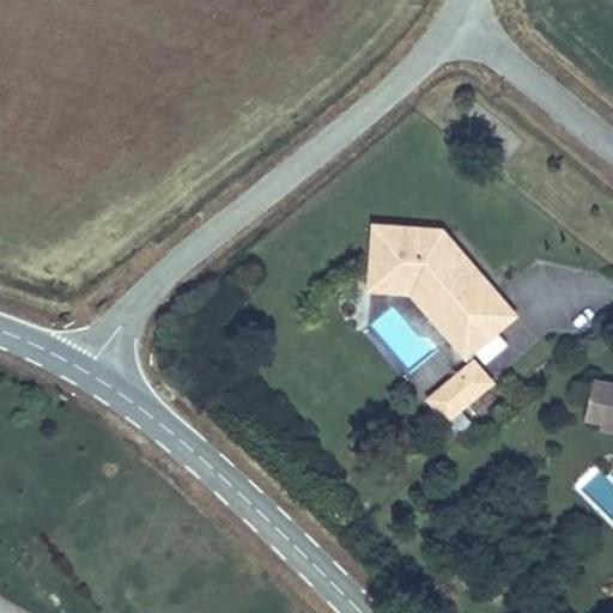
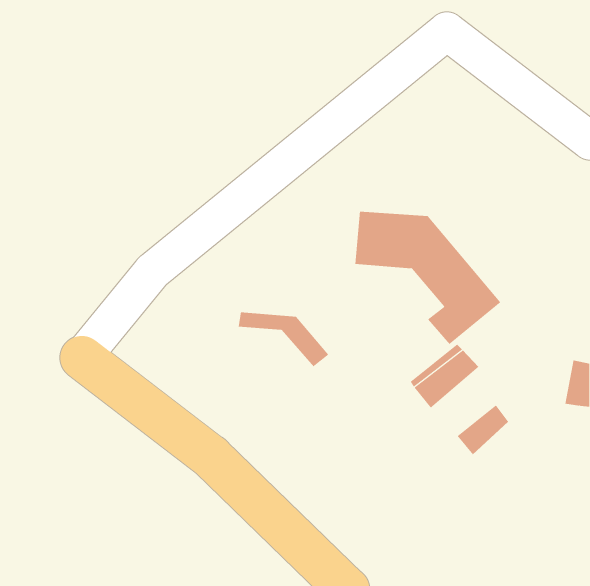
building: [365,278,460,335] -> [238,312,329,367]
building: none -> [457,404,509,455]

